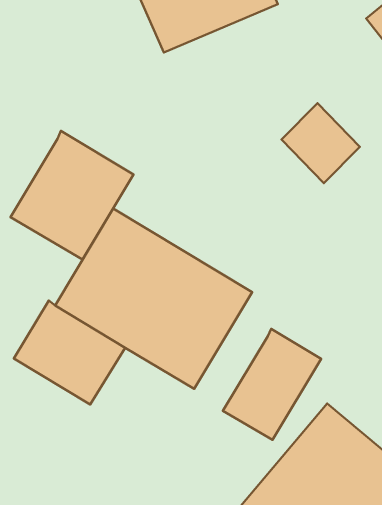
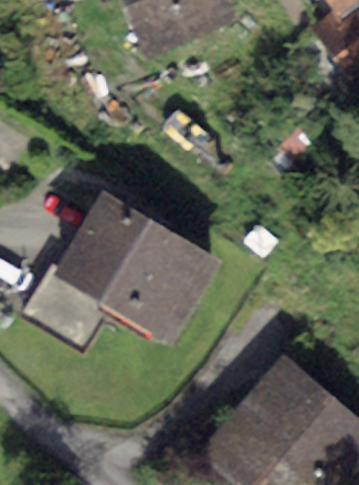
building: [11,131,134,260] -> none
building: [223,329,321,440] -> none

